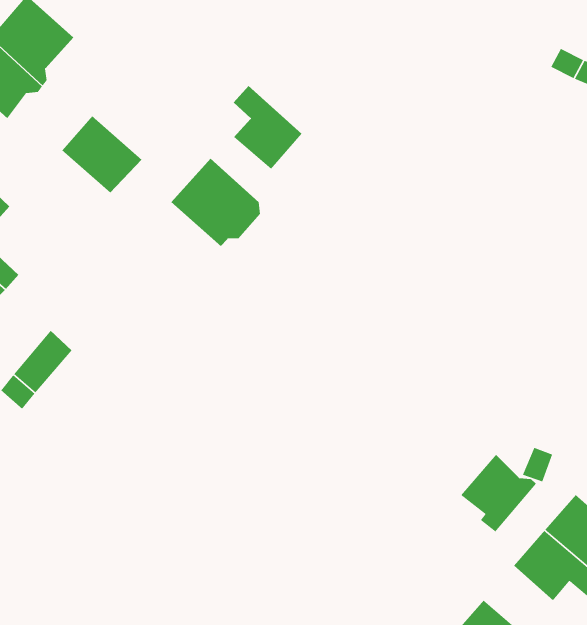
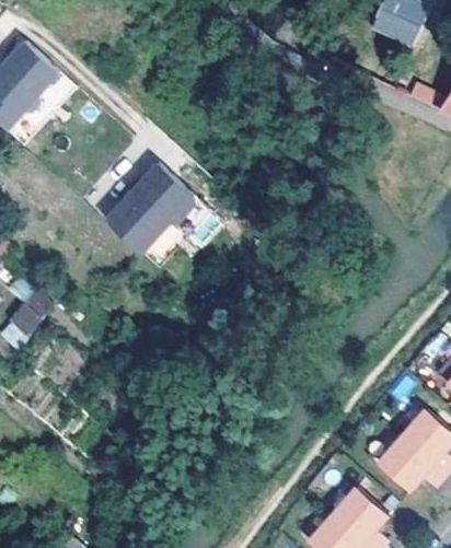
building: [233,85,303,170] -> none
building: [61,115,143,194] -> [104,195,164,253]
building: [460,454,537,532] -> none

